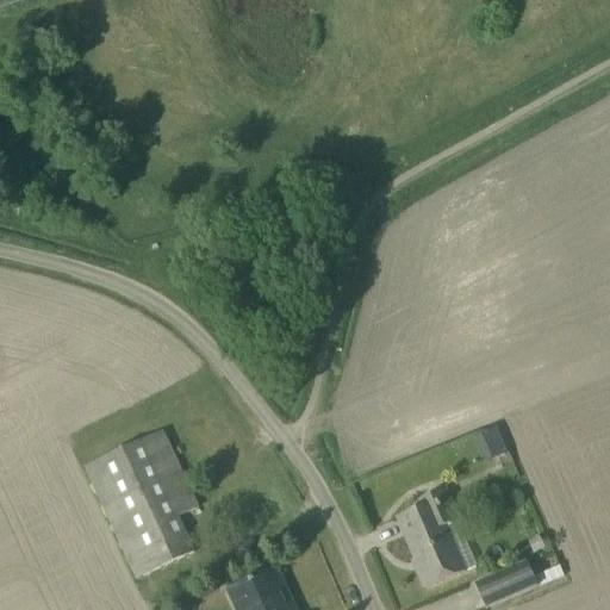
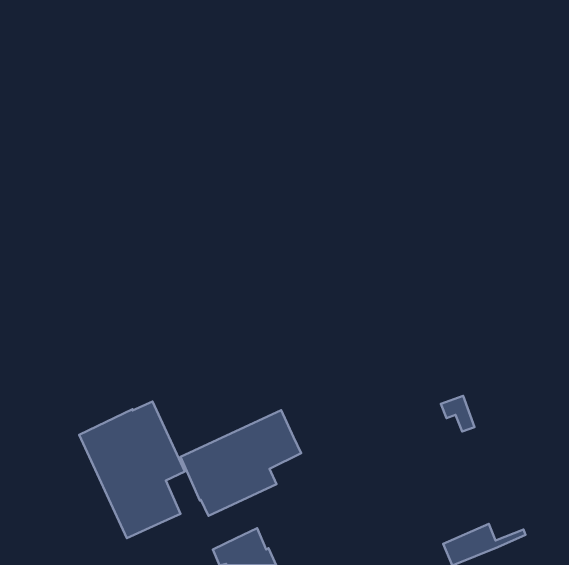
building: none -> [181,410,301,516]
building: [398,487,462,586] -> none

